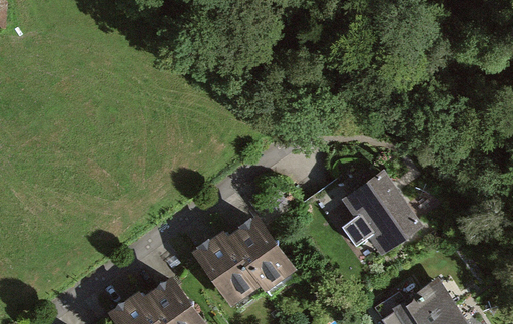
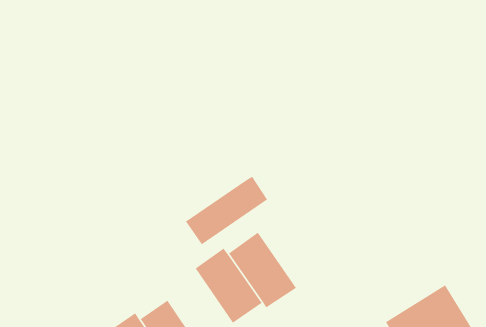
building: none -> [185,176,268,245]
building: [348,175,418,250] -> none

